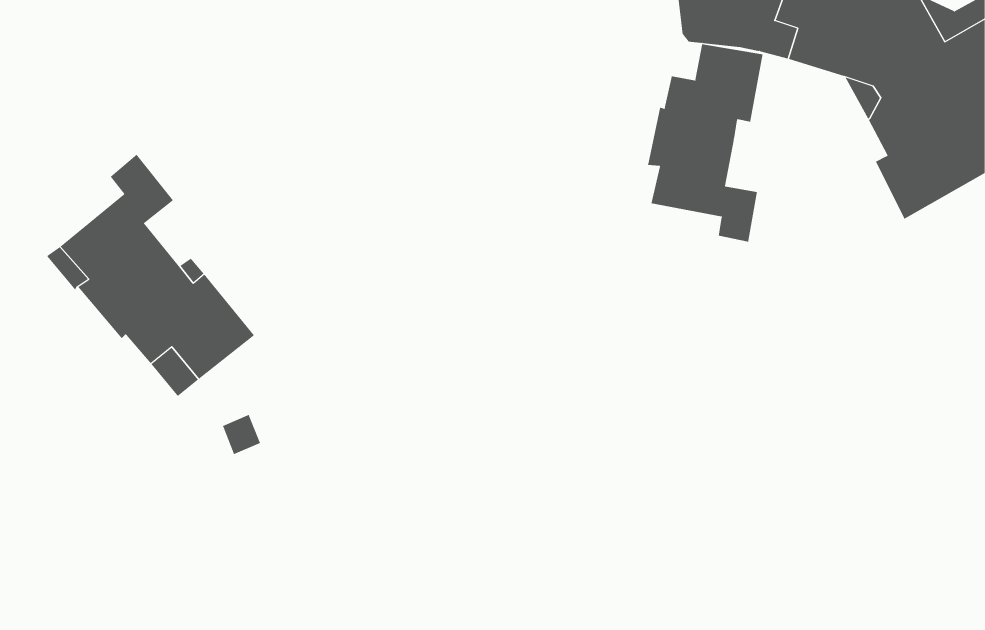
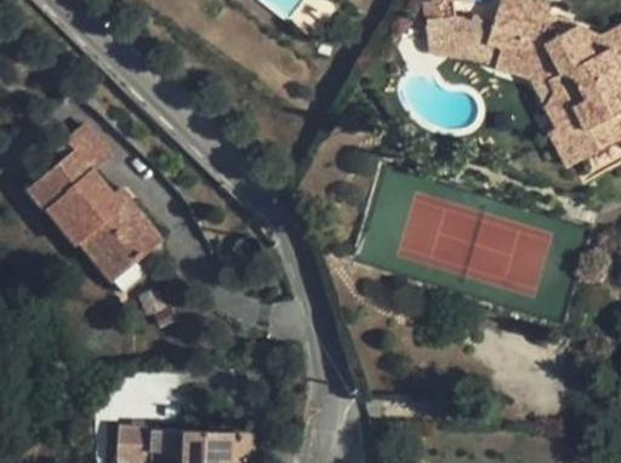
building: [647,43,763,243] -> none

